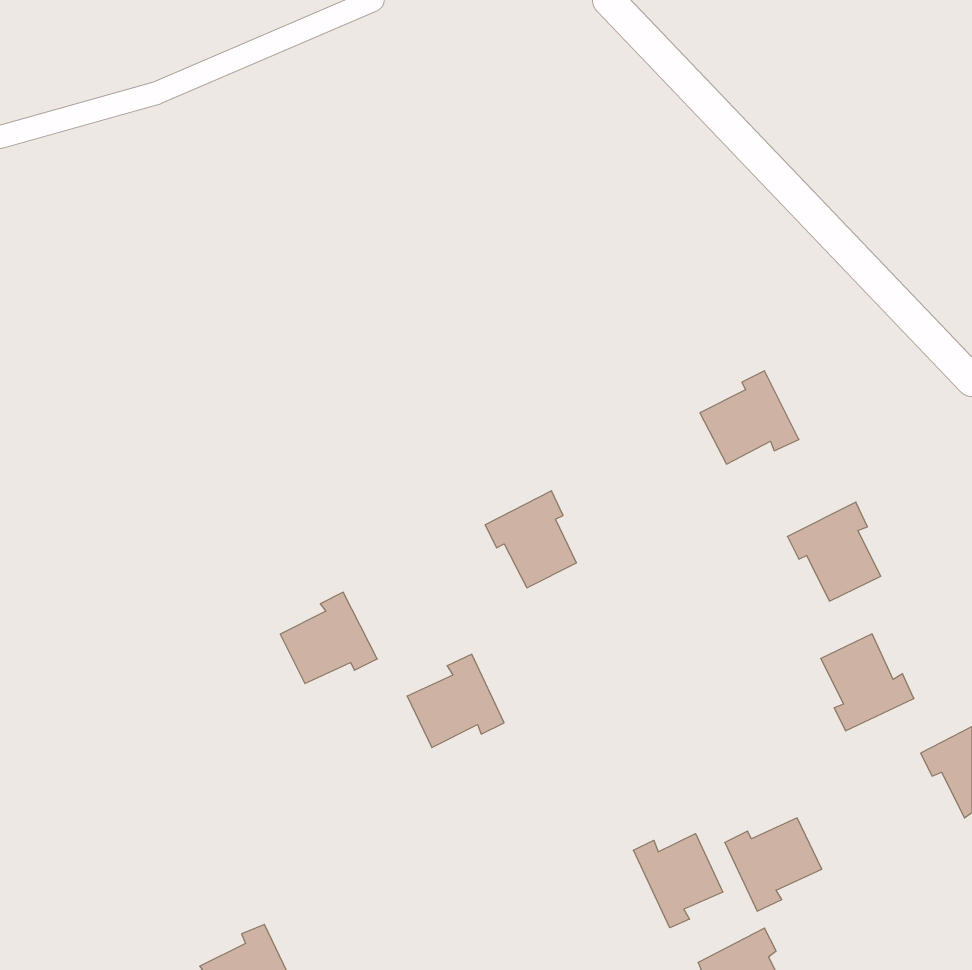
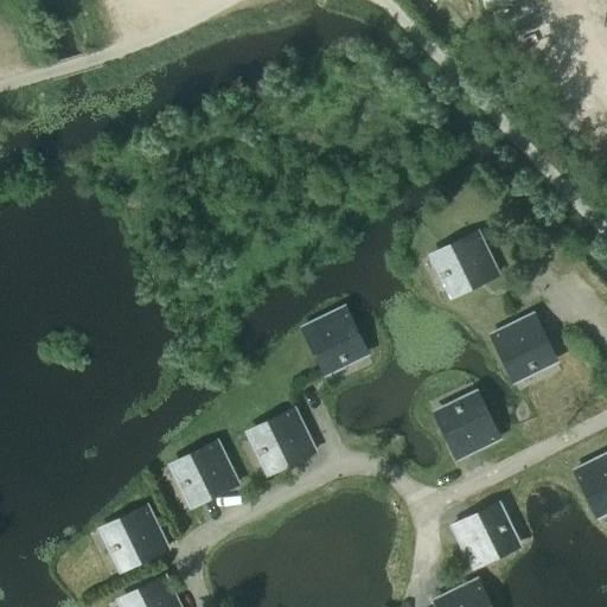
building: [280,592,377,684] -> [177,442,237,499]
building: [821,634,914,731] -> [441,398,499,459]
building: none -> [107,506,167,563]
building: [633,834,723,928] -> none

